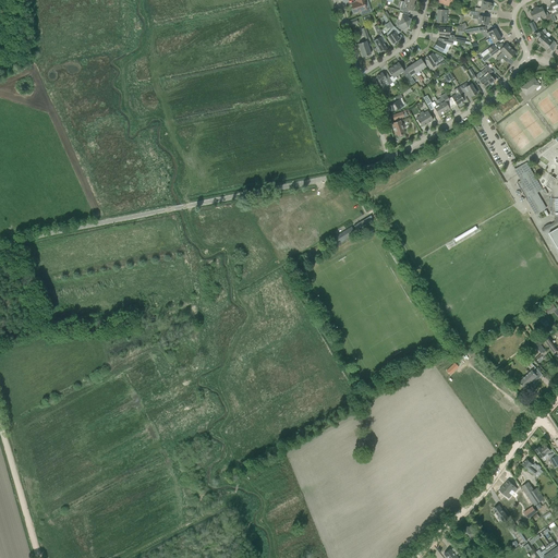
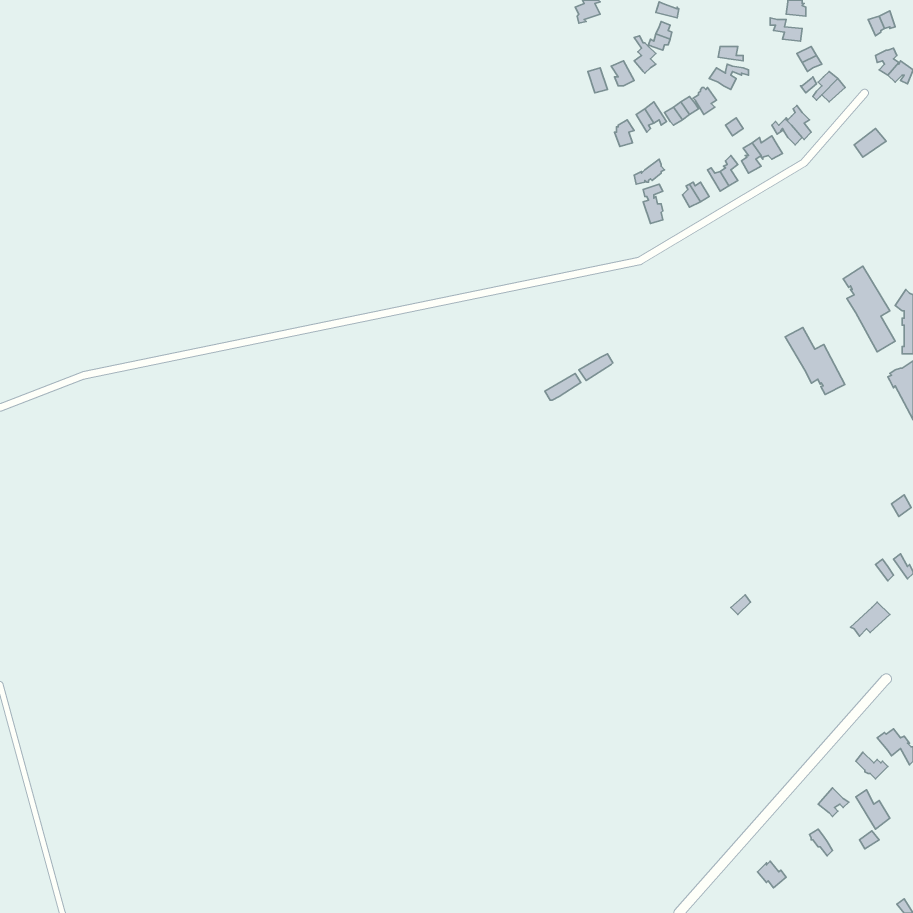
building: none -> [785,327,845,394]

